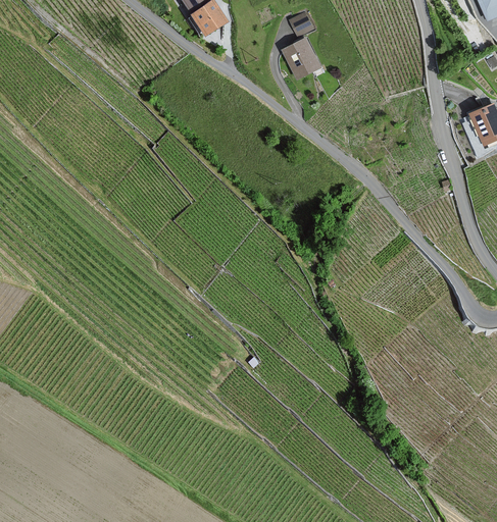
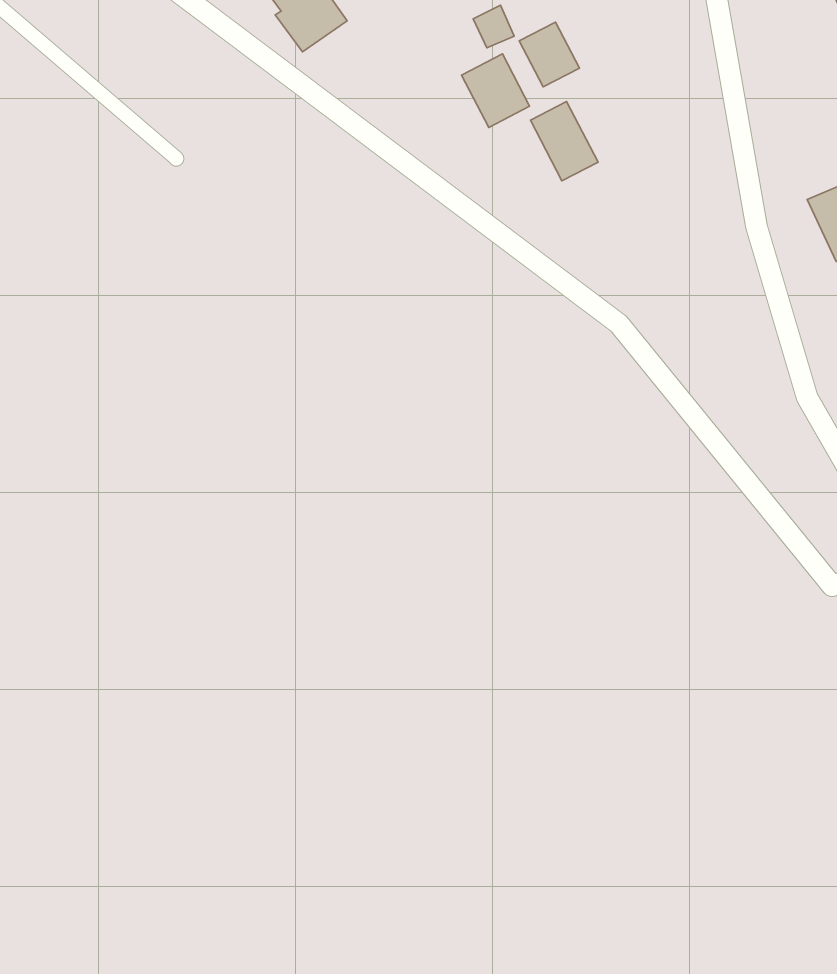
building: none -> [519,22,579,87]
building: none -> [530,102,598,181]

